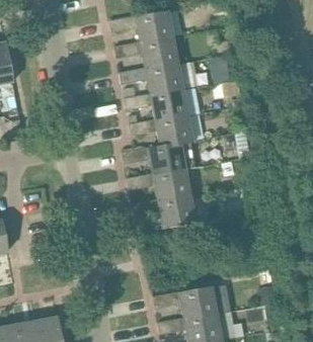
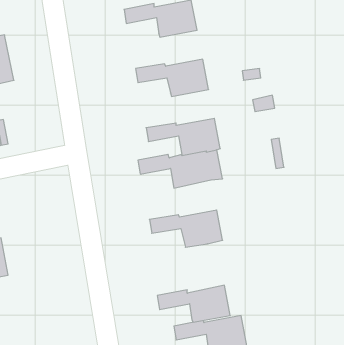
building: [115,36,179,68] -> none
building: [125,88,189,119] -> none
building: [128,167,191,199] -> [157,285,230,322]

